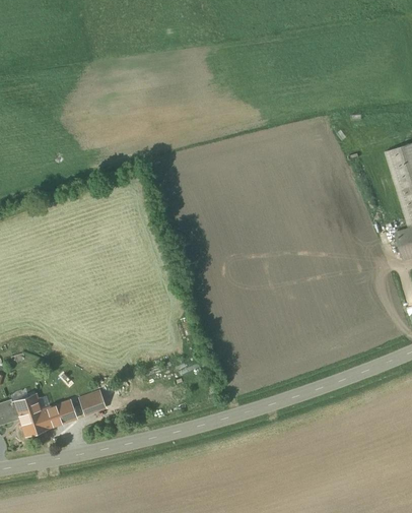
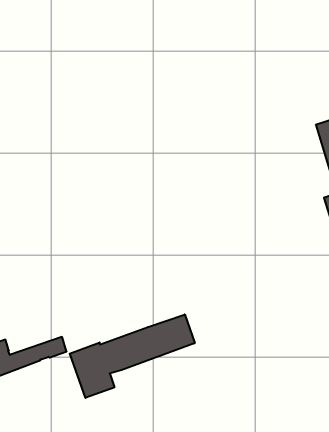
building: none -> [70,314,195,398]

